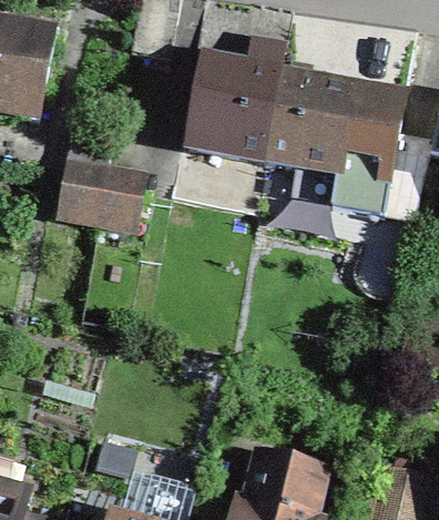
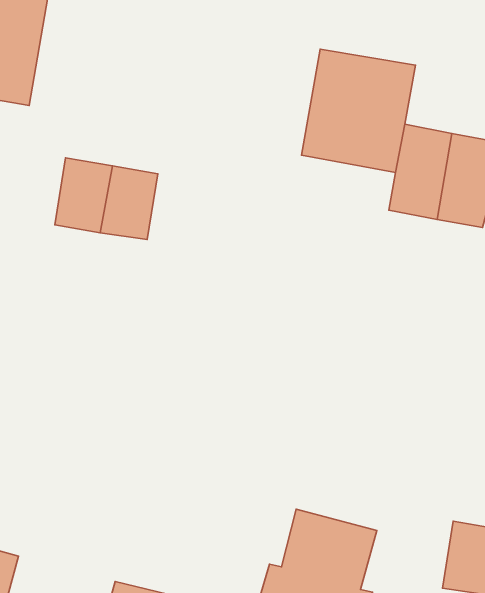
building: [187,55,279,157] -> none

